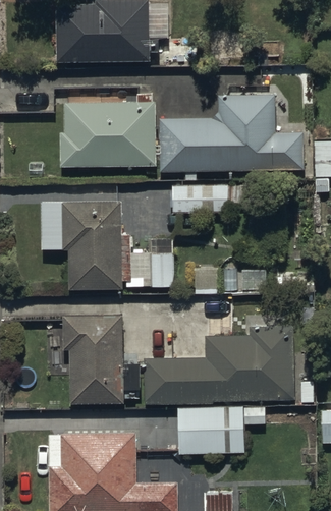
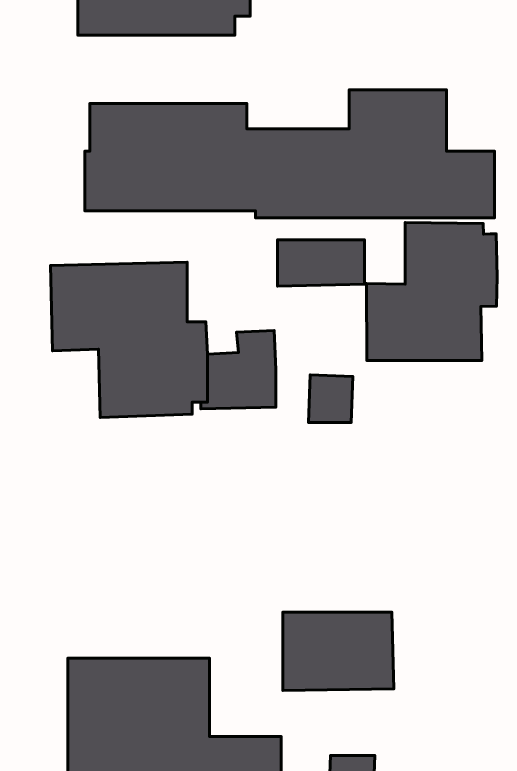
building: none -> [366,222,497,361]
building: [62,316,139,404] -> none
building: [144,327,294,405] -> none

